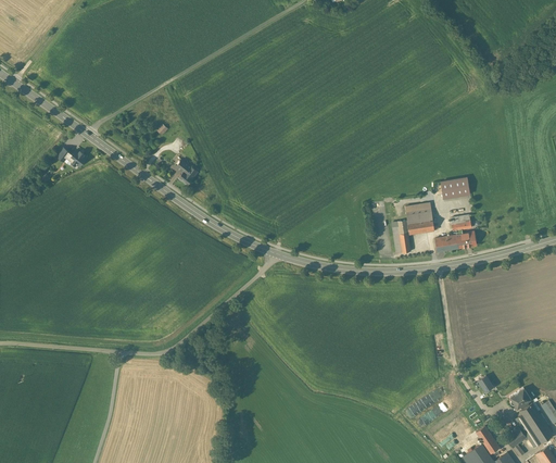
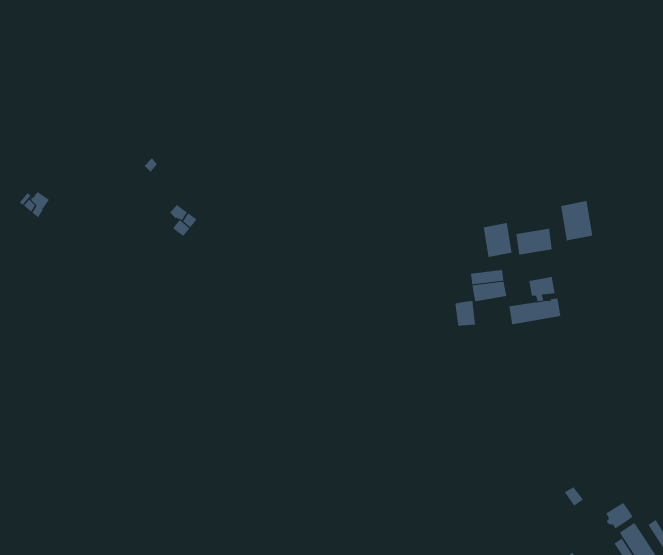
building: none -> [561,200,593,241]
building: none -> [483,222,512,258]

